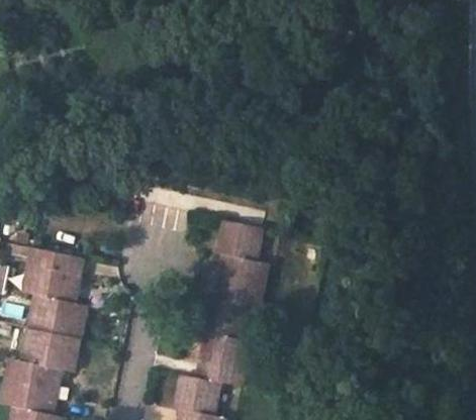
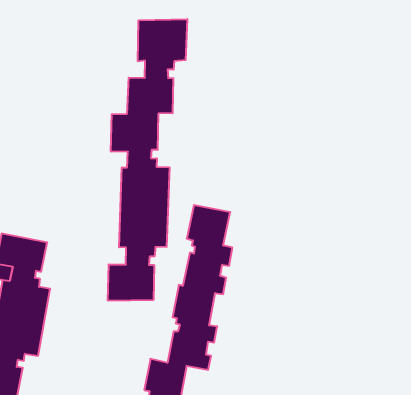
building: none -> [108,19,187,301]

